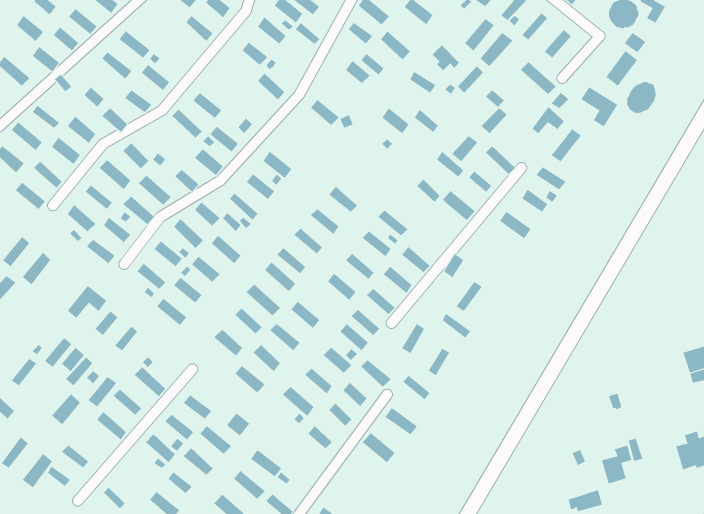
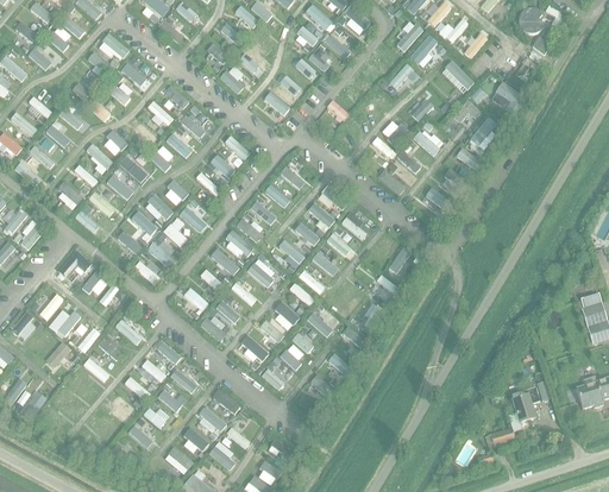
building: [626,81,656,114] -> none

